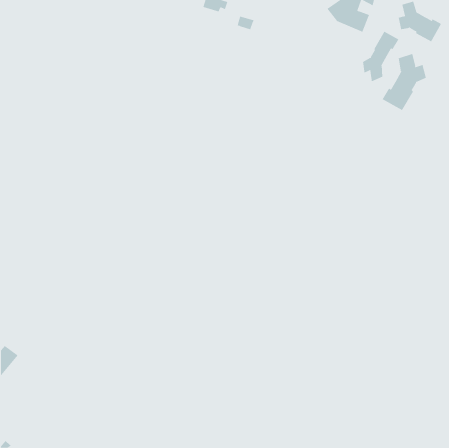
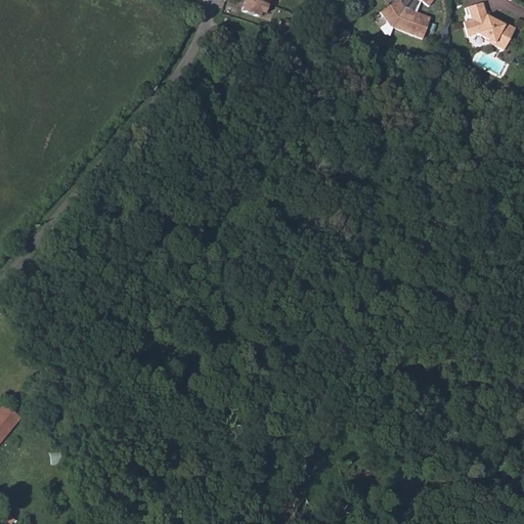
building: [362,31,399,82] -> none
building: [382,53,427,111] -> none

